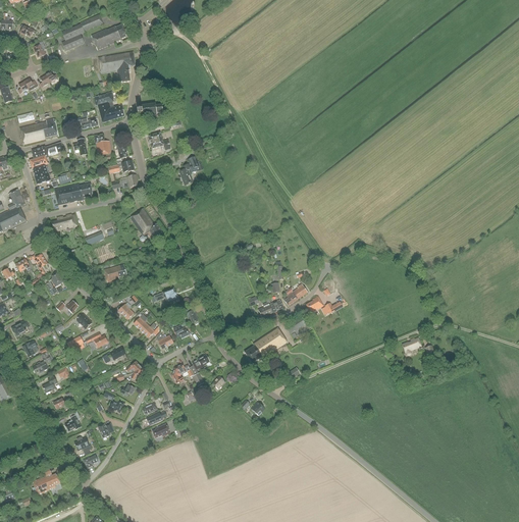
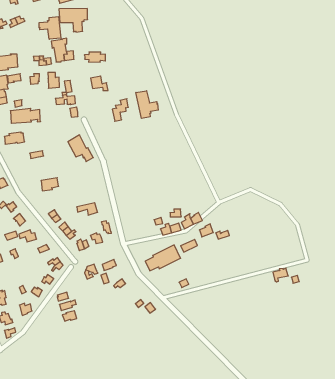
building: none -> [39,17,61,39]
building: none -> [136,91,158,118]

